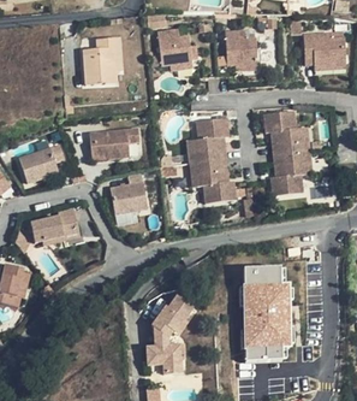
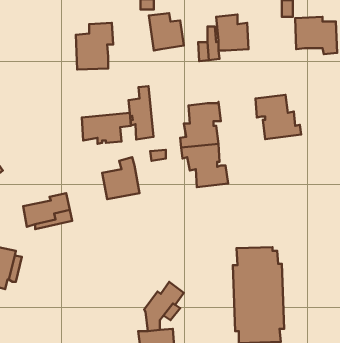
building: none -> [128,86,154,140]
building: [19,143,65,182] -> none
building: [272,149,311,195] -> none

